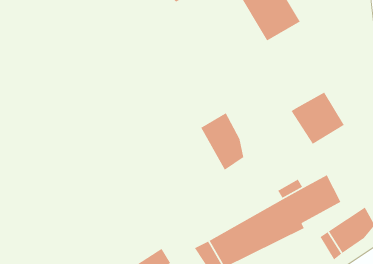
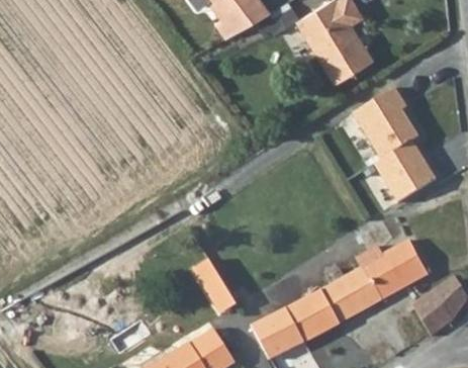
building: none -> [344,87,412,160]
building: [200,112,244,171] -> none
building: none -> [194,259,241,315]

